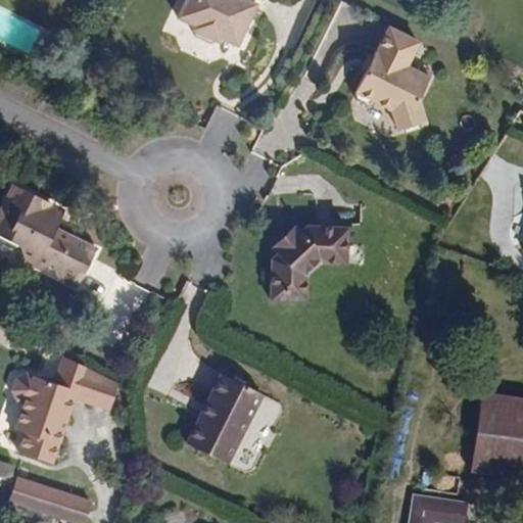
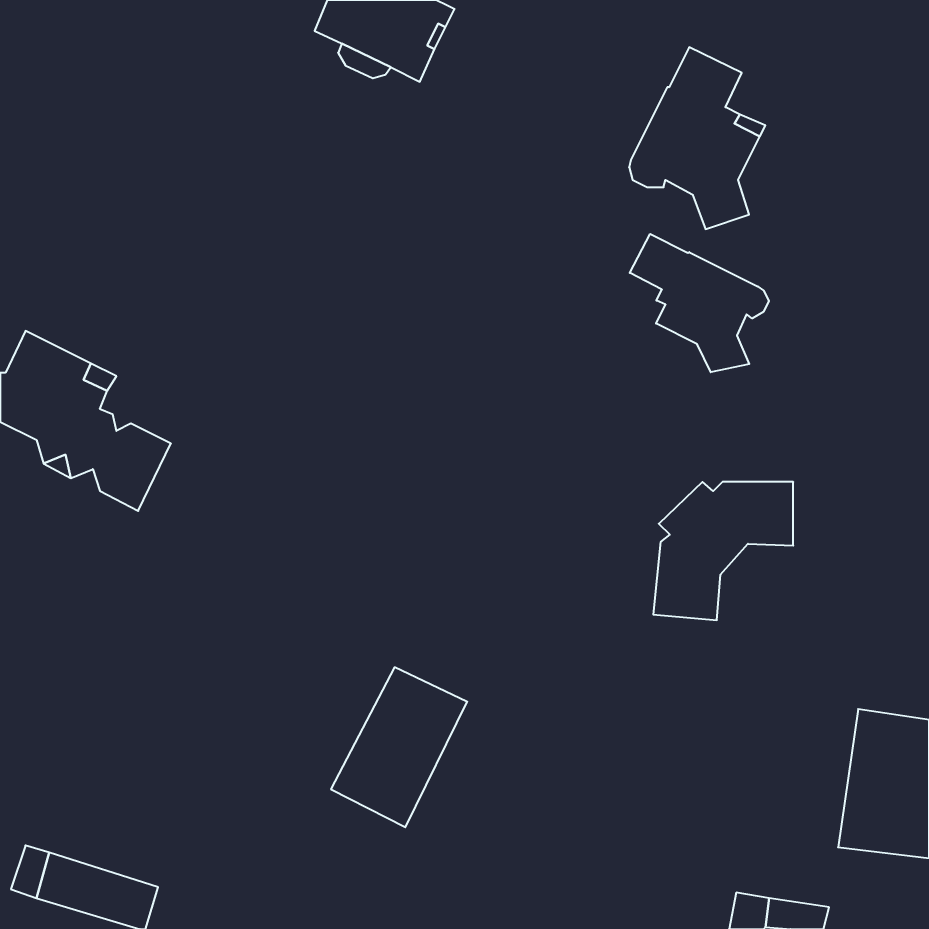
building: none -> [630,234,769,372]
building: [269,225,347,302] -> [653,482,793,620]
building: [14,356,120,463] -> none

